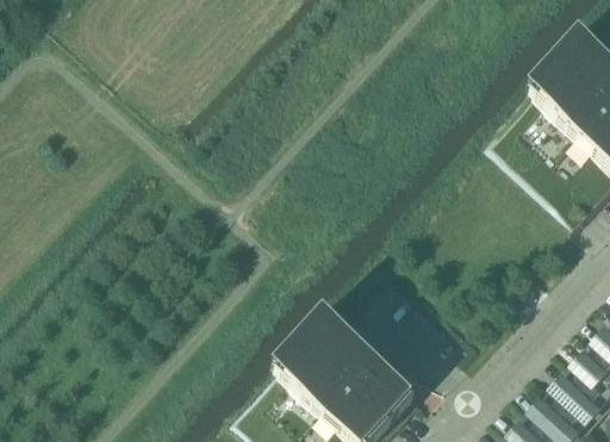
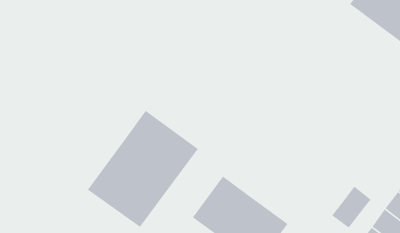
building: none -> [87,110,199,228]
building: none -> [331,186,372,229]

